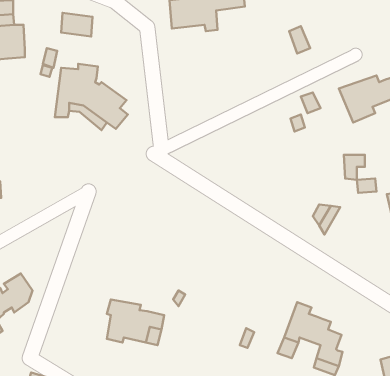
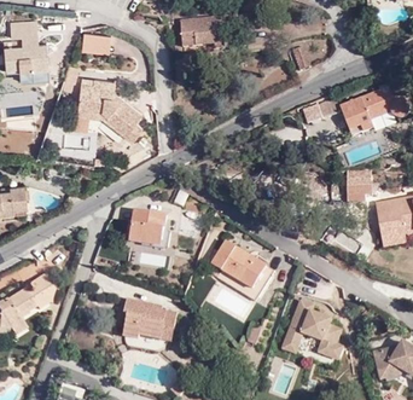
building: none -> [129,210,165,245]
building: none -> [210,240,267,290]

